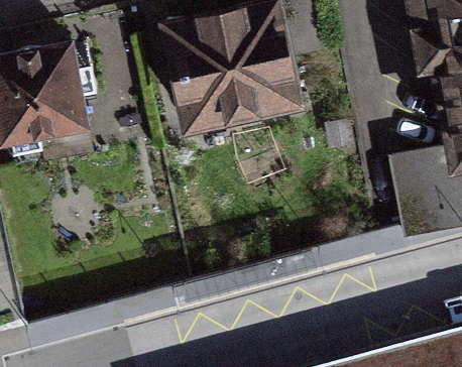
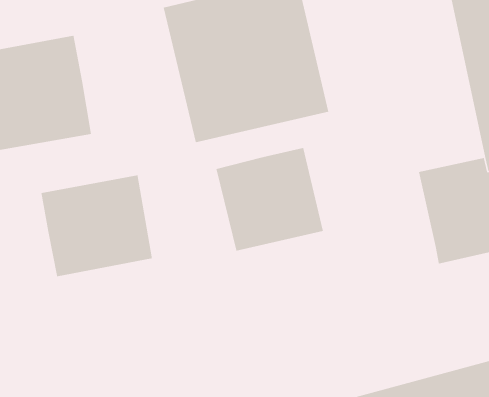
building: none -> [216,147,323,251]
building: none -> [41,174,152,277]

